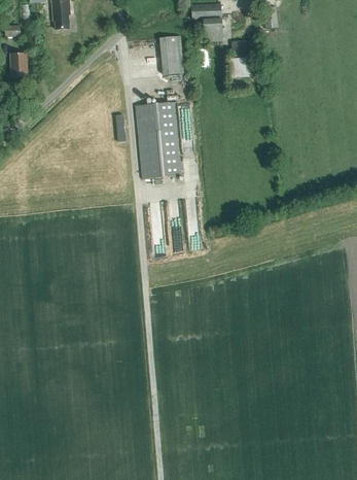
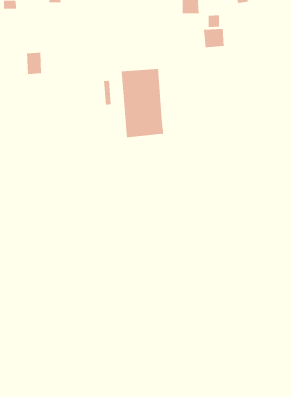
building: [159,36,183,75] -> none
building: [9,53,27,77] -> [26,52,42,75]

